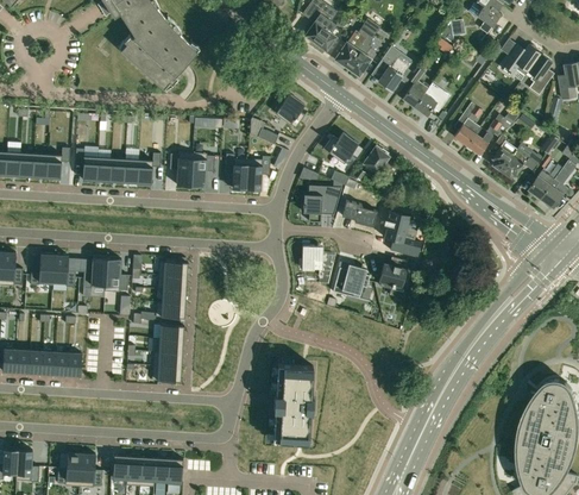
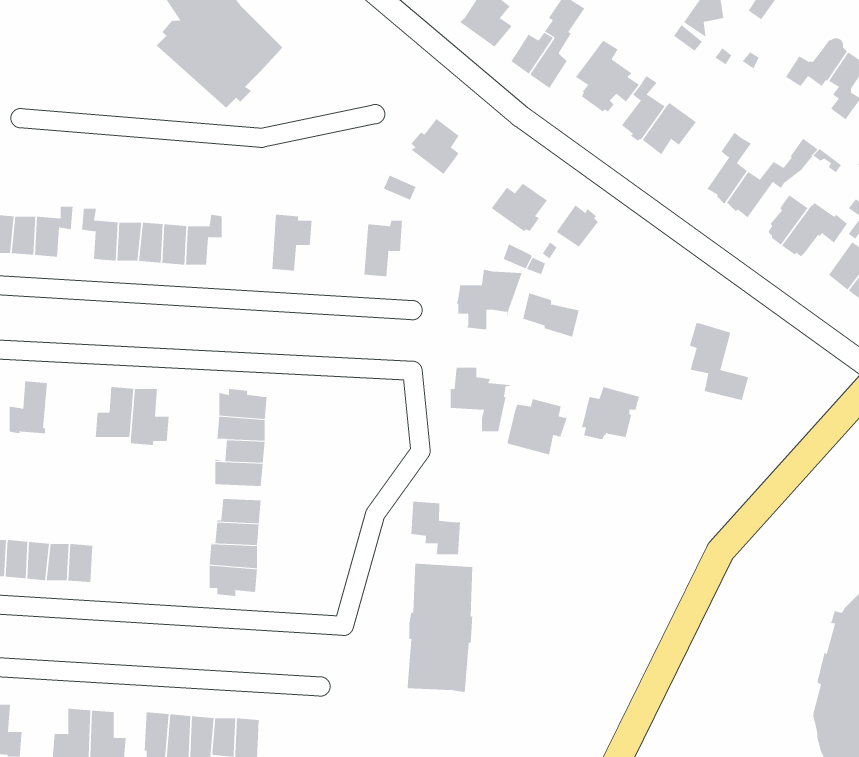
building: [170,152,193,186] -> none
building: [225,153,248,189] -> none
building: [383,209,421,257] -> [688,323,751,401]
building: [52,255,76,288] -> none
building: none -> [411,501,461,555]

